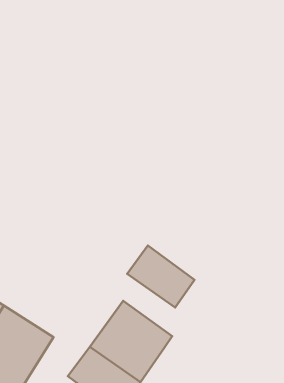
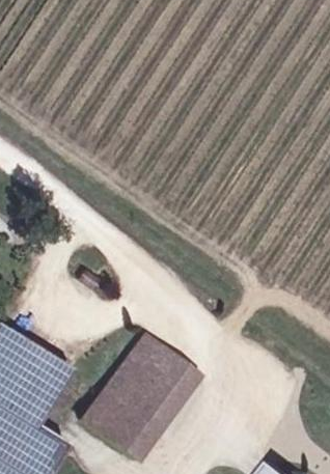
building: [127,246,194,308] -> none

